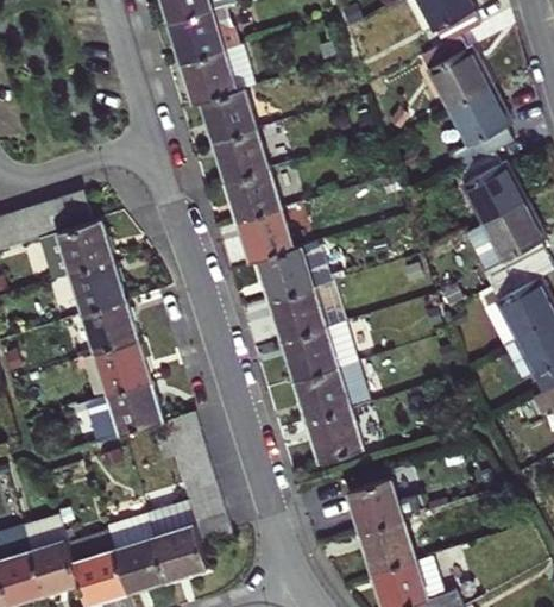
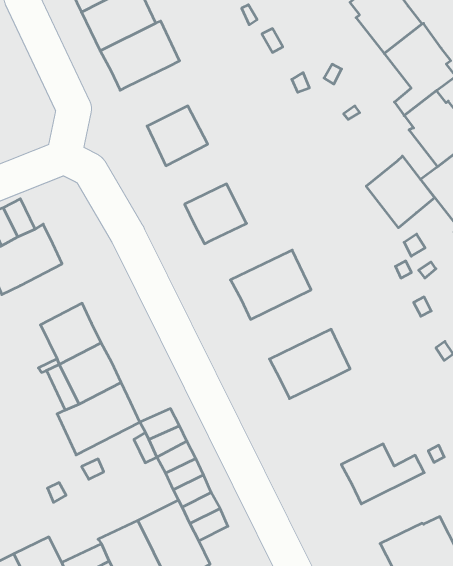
building: [201,89,256,143] -> none
building: [226,169,281,223] -> none
building: none -> [366,156,435,228]
building: [258,243,329,301] -> none
building: [70,261,126,315] -> none
building: [283,323,358,382] -> none
building: [308,409,363,463] -> none
building: [360,520,415,574] -> none

